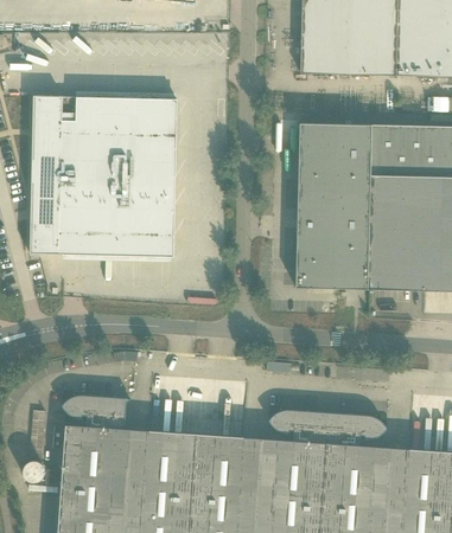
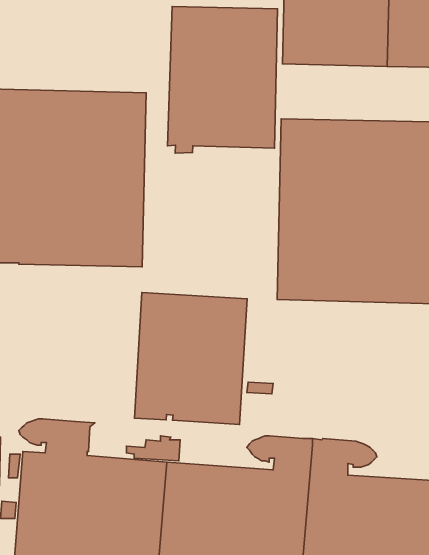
building: none -> [168,7,278,153]
building: none -> [135,293,247,424]

